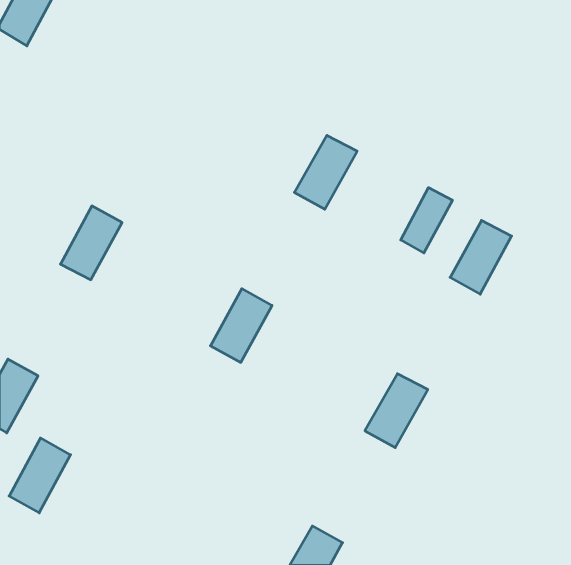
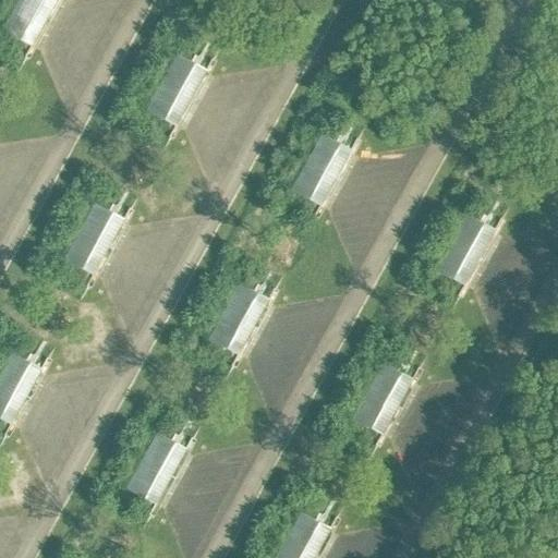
building: none -> [141,51,202,123]
building: [401,188,452,253] -> none
building: [9,438,71,513] -> [123,429,183,502]

